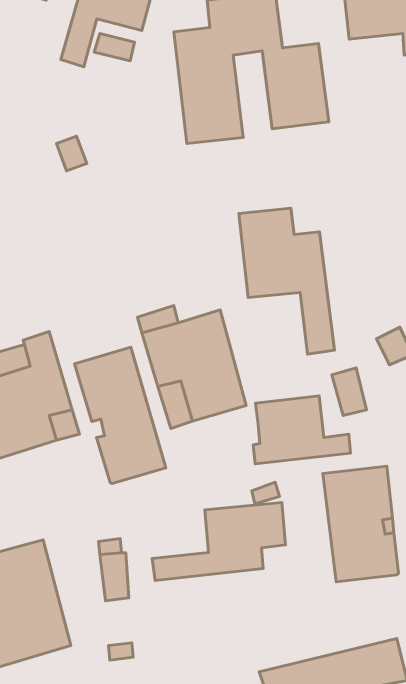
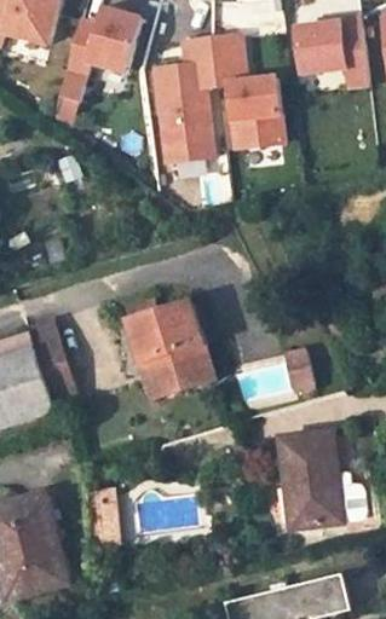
building: [239,208,334,354] -> none
building: [75,347,166,483] -> none
building: [253,396,351,464] -> none
building: [152,502,285,581] -> none

